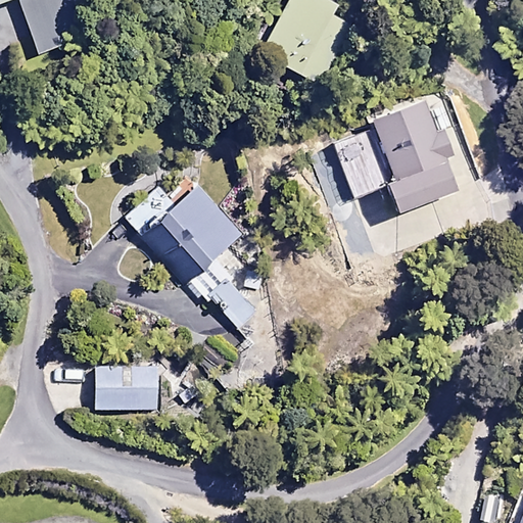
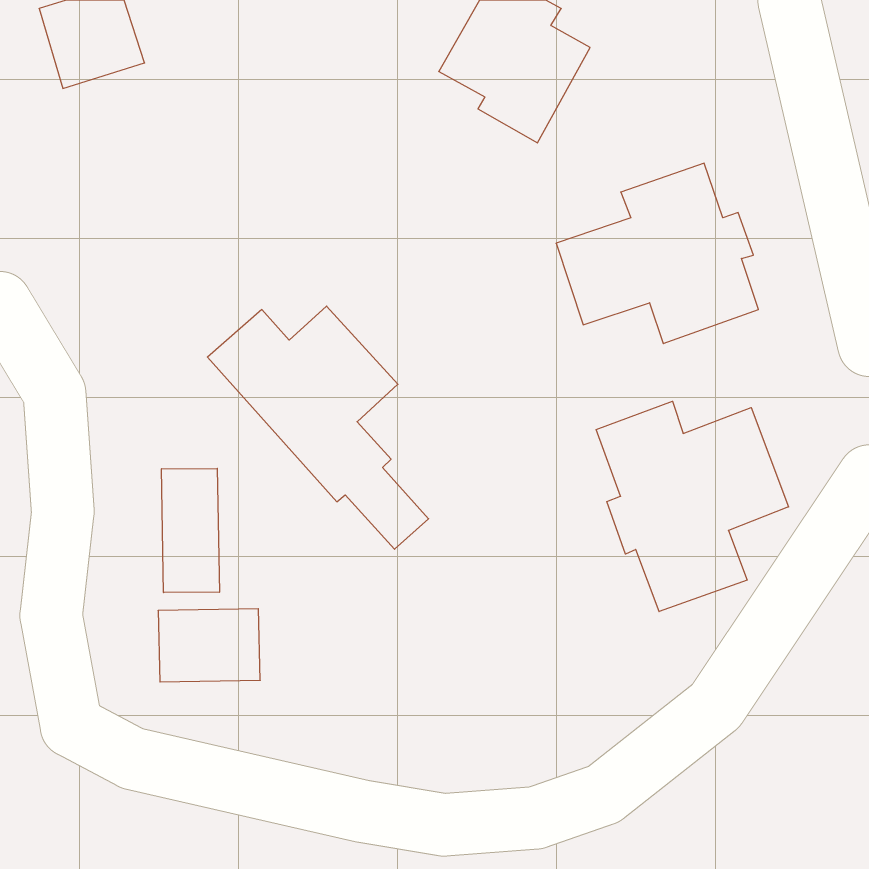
building: none -> [596,401,789,612]
building: none -> [162,468,219,593]

